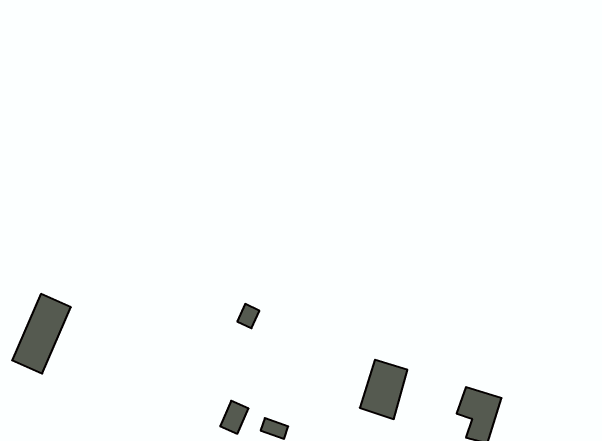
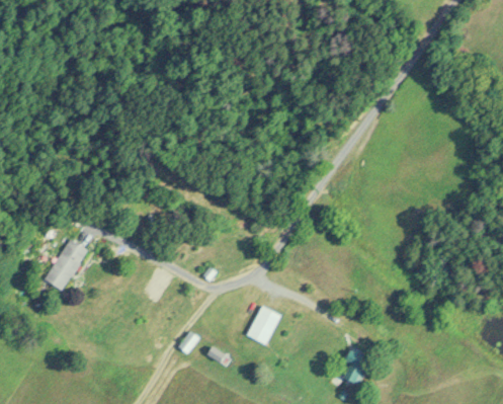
building: [360,360,407,419] -> [245,303,281,345]

